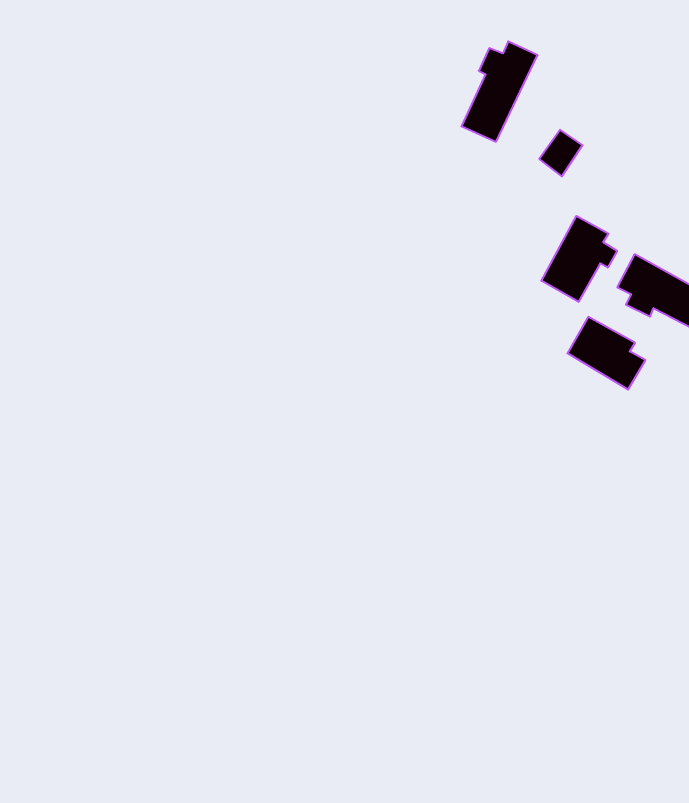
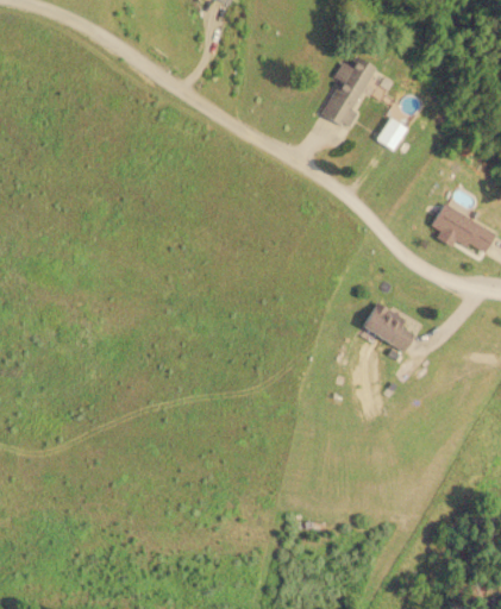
building: [541,216,617,302] -> none
building: [567,317,645,390] -> [361,302,414,352]

